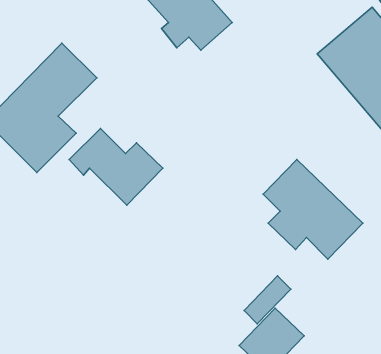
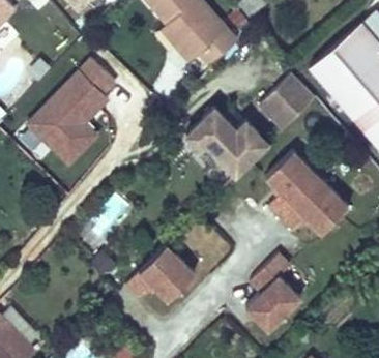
building: none -> [261,73,316,128]
building: [69,128,163,205] -> [190,108,270,174]
building: none -> [126,255,193,314]

